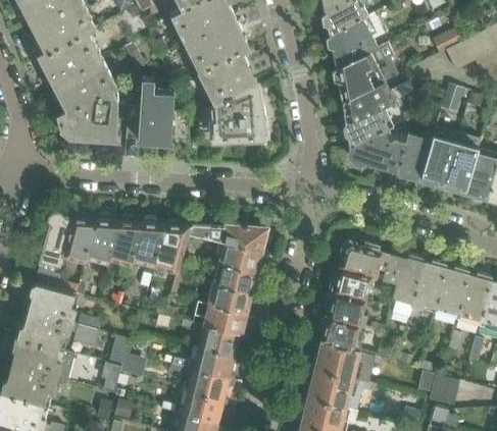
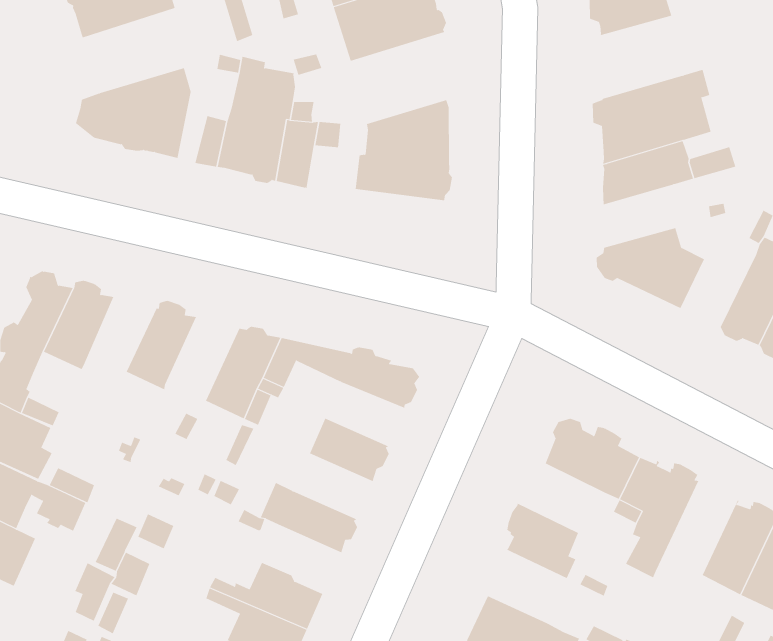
building: [326,14,385,69] -> none
building: [199,48,254,104] -> none
building: [54,60,115,112] -> none
building: [344,108,393,148] -> none
building: [398,133,433,179] -> none
building: [86,215,118,262] -> none
building: [131,218,164,266] -> none
building: [218,244,261,273] -> none
building: [409,263,446,317] -> none
building: [329,268,375,302] -> none
building: [208,284,251,315] -> none
building: [319,317,358,353] -> none
building: [198,325,240,358] -> none

